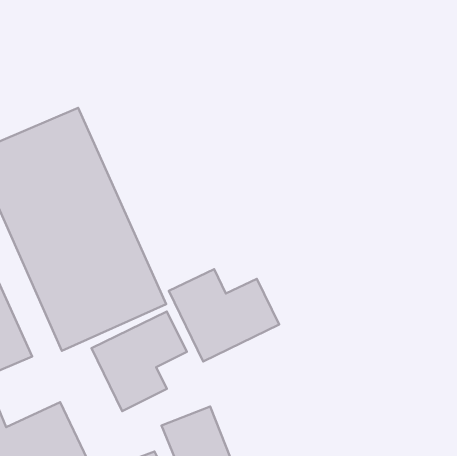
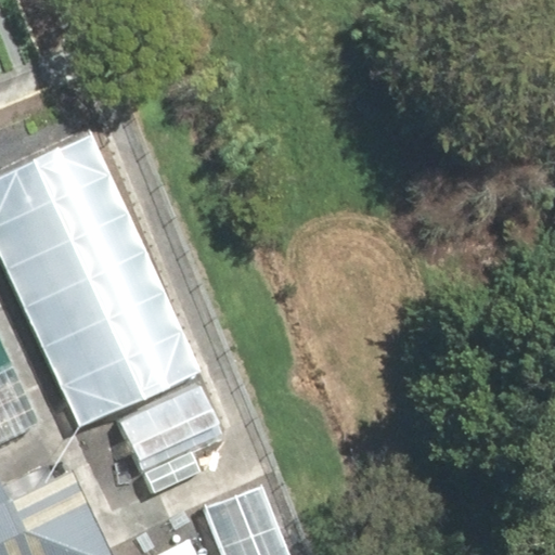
building: [169,269,279,361] -> none

